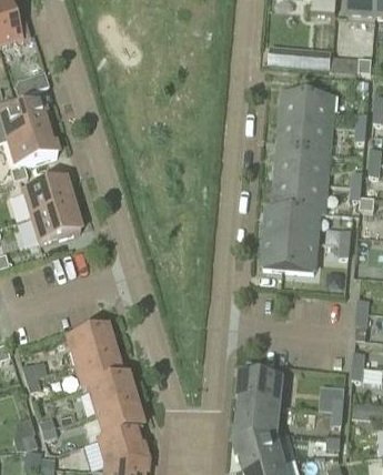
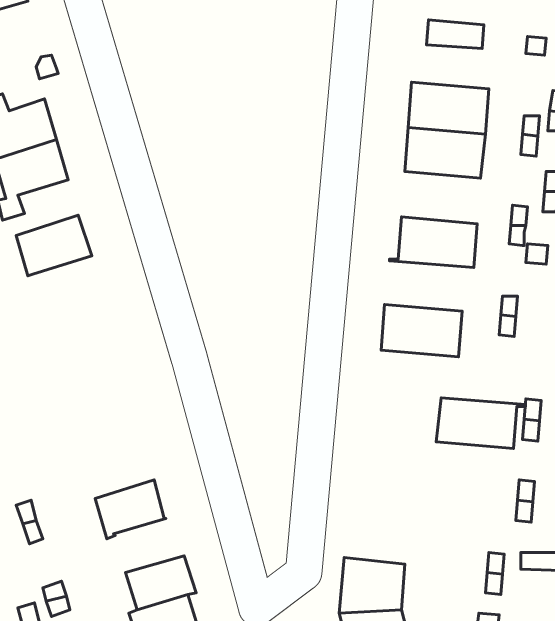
building: [275,148,327,182] -> none
building: [29,203,79,242] -> none
building: [264,206,323,240] -> [436,398,525,448]
building: [65,324,112,363] -> none
building: [238,361,281,406] -> none
building: [85,374,132,412] -> none

